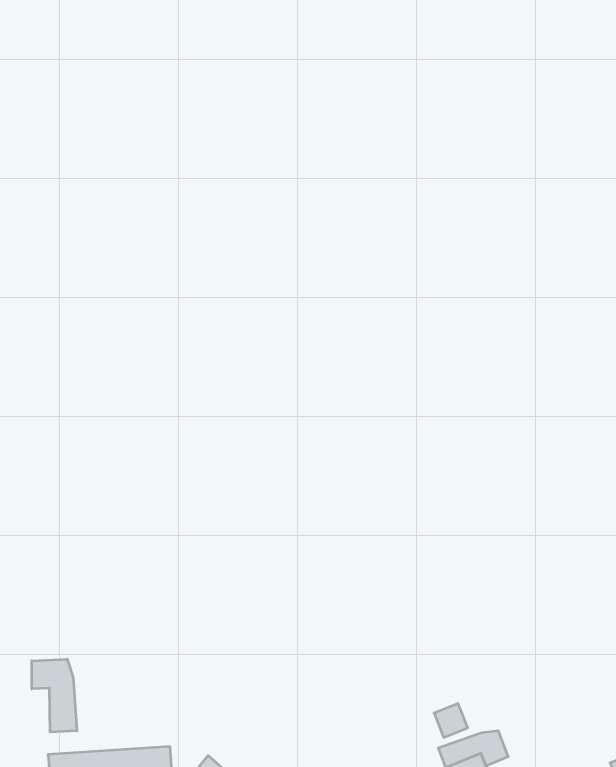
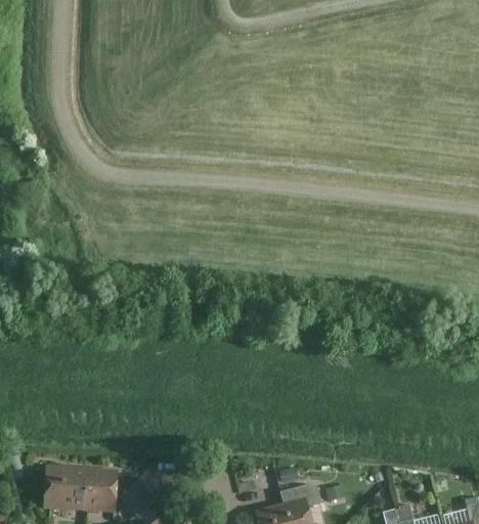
building: [32,659,77,732] -> none

